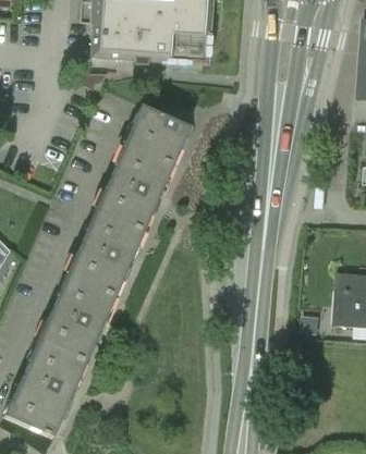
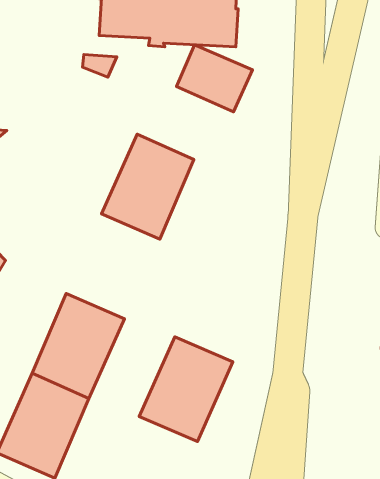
building: [123,106,188,163] -> [177,45,253,112]
building: [62,210,143,300] -> [139,337,233,442]

